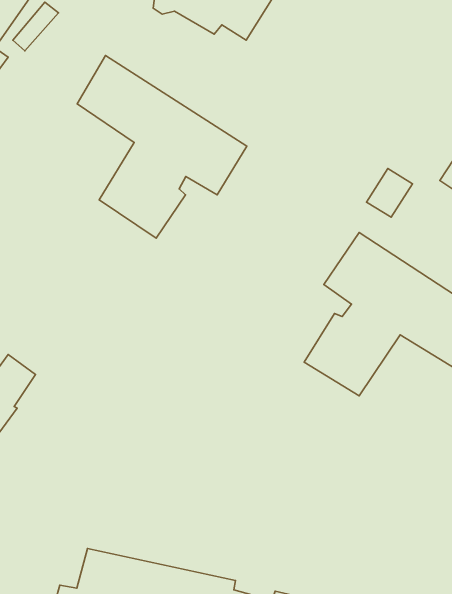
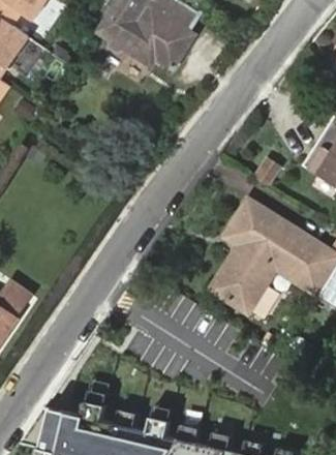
building: [77,56,247,238] -> none

